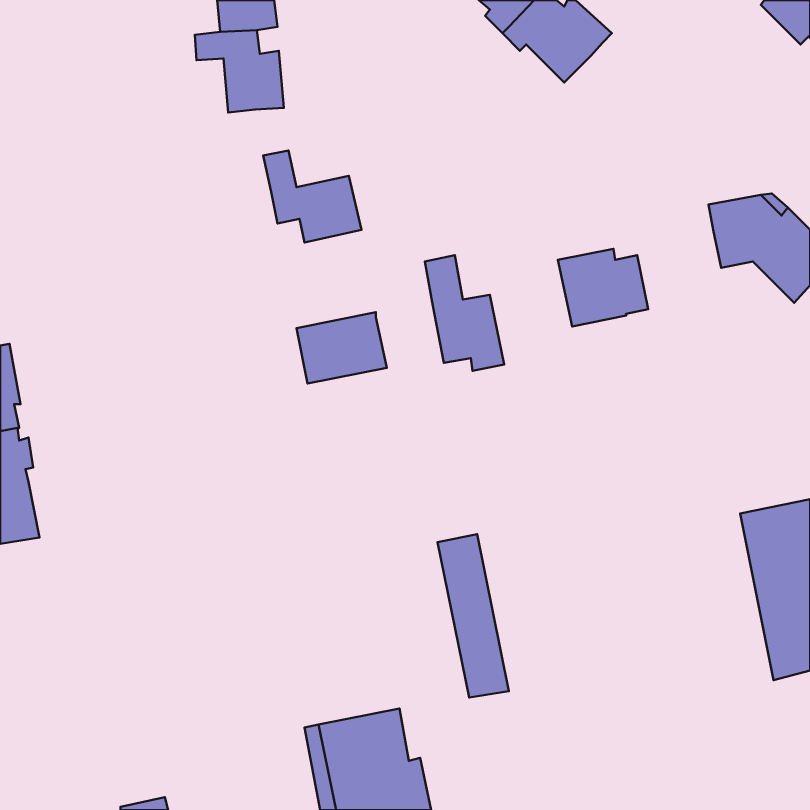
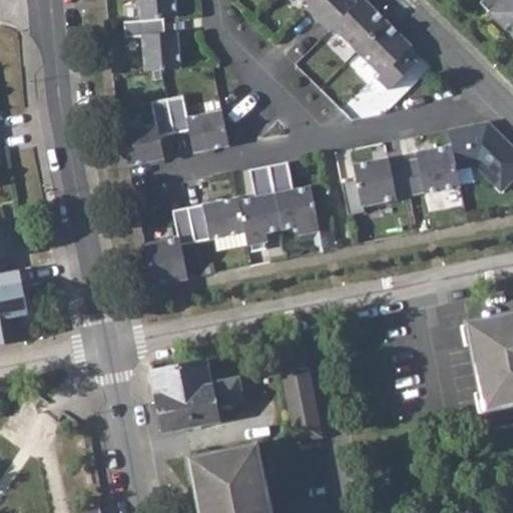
building: none -> [357,21,416,89]
building: none -> [120,98,175,165]
building: none -> [403,145,460,195]
building: none -> [237,165,281,245]
building: none -> [143,207,194,285]
building: none -> [151,361,242,431]

